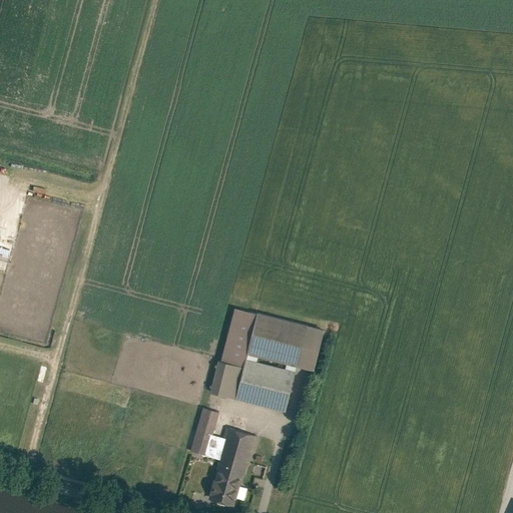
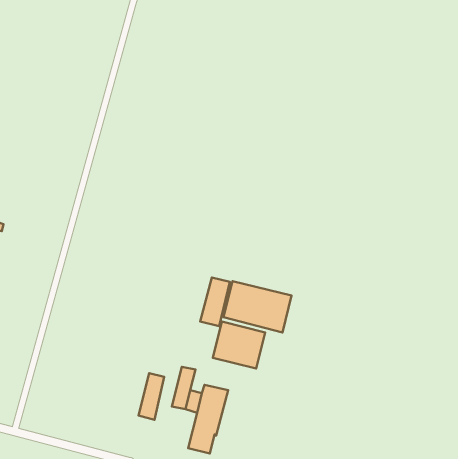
building: [210,362,241,400] -> none
building: none -> [139,373,164,420]

